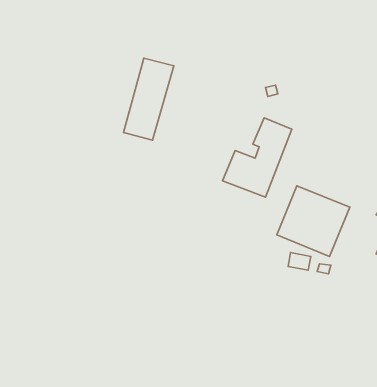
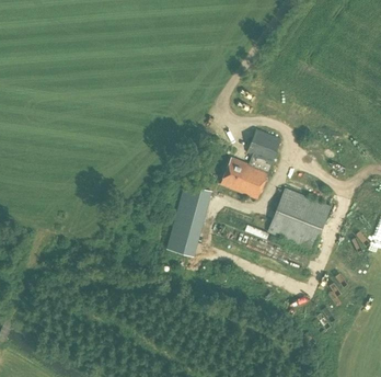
building: [124,58,174,140] -> [168,184,211,255]

